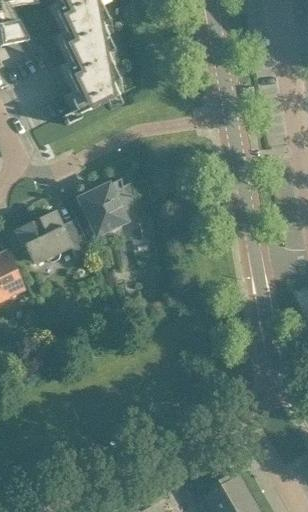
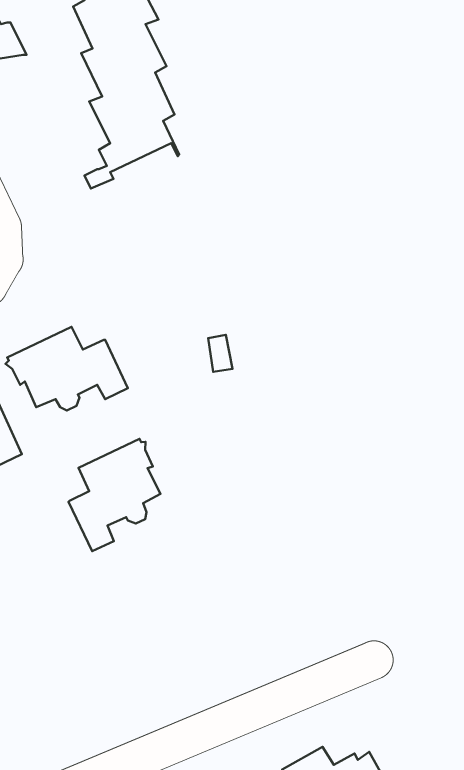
building: [78,178,138,234] -> none
building: none -> [69,439,161,551]

